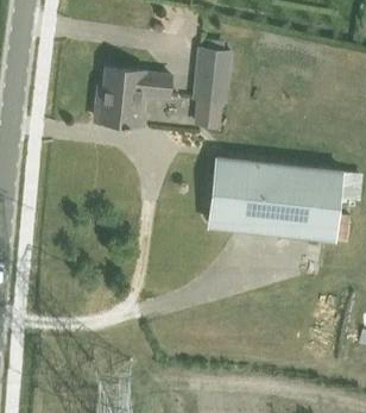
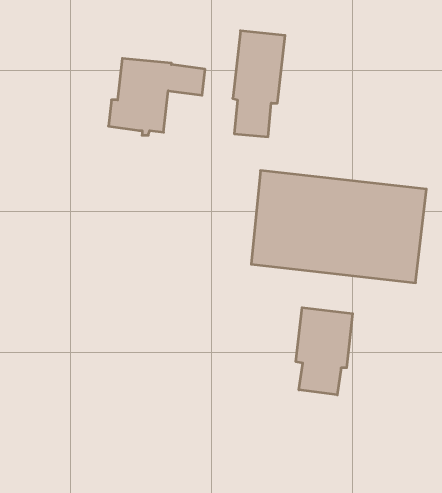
building: none -> [296,308,353,395]

